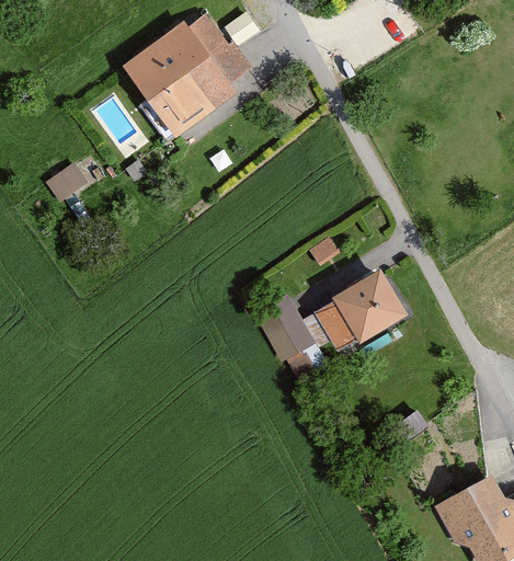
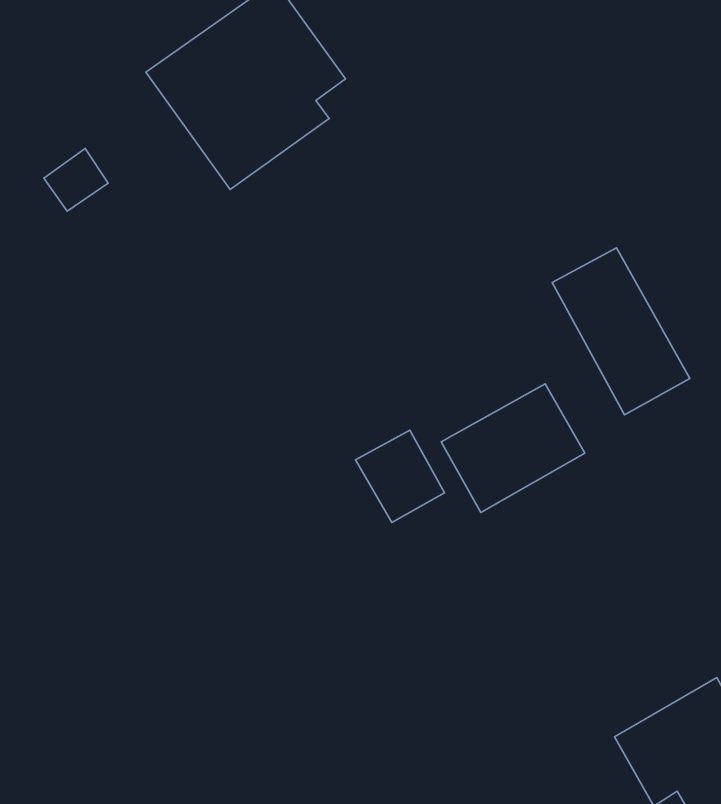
building: [48,161,91,203] -> [44,149,108,211]
building: none -> [552,248,690,415]

